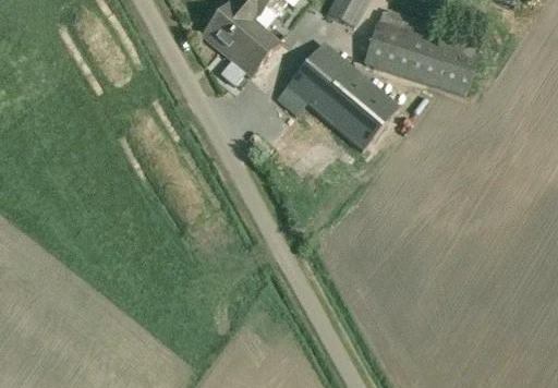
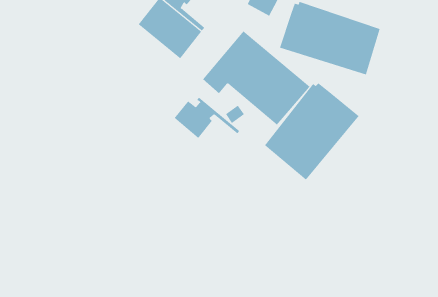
building: none -> [264,83,360,181]
building: none -> [174,97,240,139]

